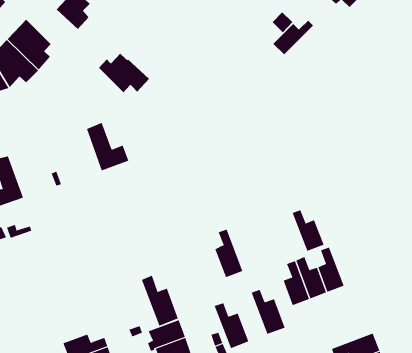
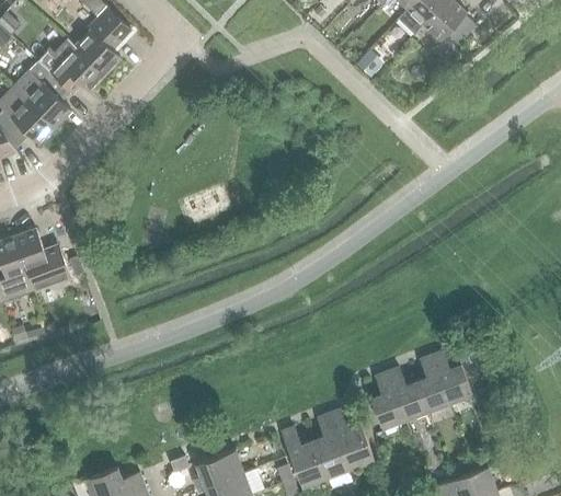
building: [272,20,314,55] -> none
building: [98,53,150,93] -> [37,38,104,91]
building: [86,122,129,171] -> [14,227,70,290]
building: [292,209,325,252] -> [431,349,473,404]
building: [215,229,243,278] -> [312,413,350,476]
building: [141,275,179,326] -> none

